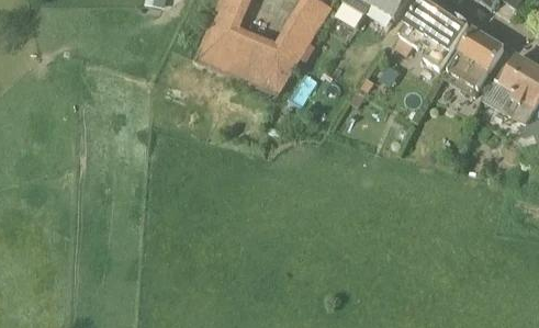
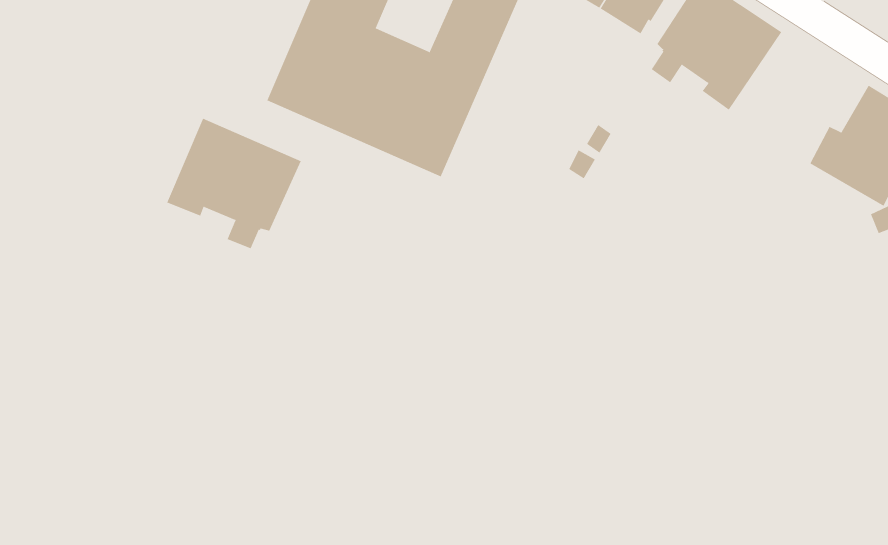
building: [448,26,505,88] -> none
building: none -> [167,118,302,249]

